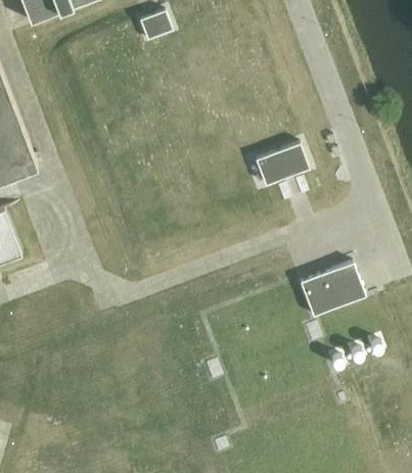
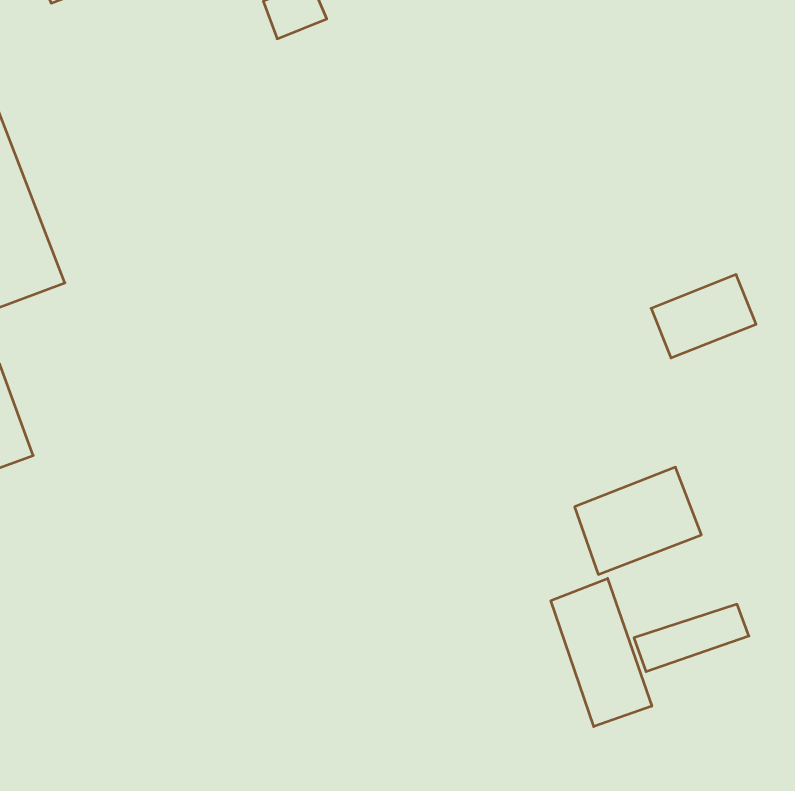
building: [253,143,307,186] -> [651,275,756,358]
building: none -> [551,578,652,727]

